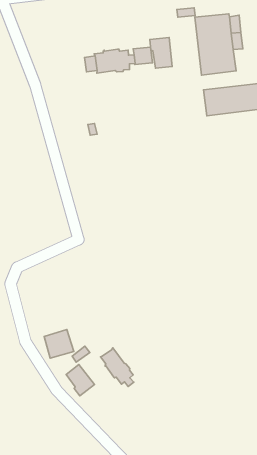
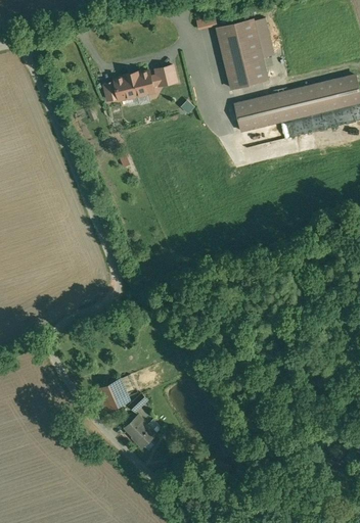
building: [150,38,172,68] -> none
building: [100,348,134,386] -> none

